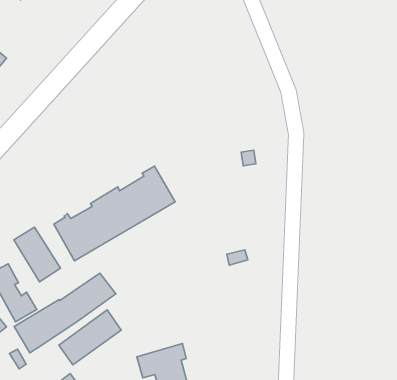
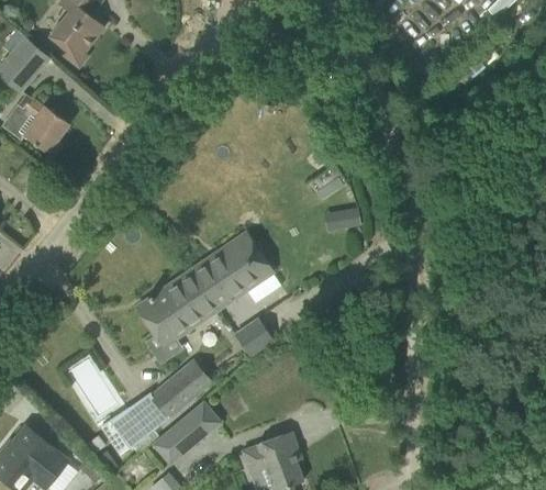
building: [14,227,61,282] -> none
building: none -> [234,318,274,357]

